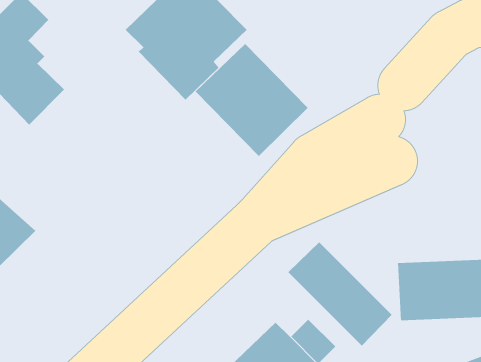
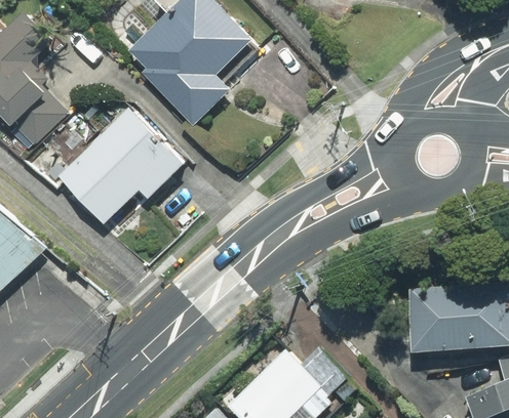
building: [195,43,308,157] -> none
building: none -> [58,109,181,221]
building: [287,241,393,346] -> none

